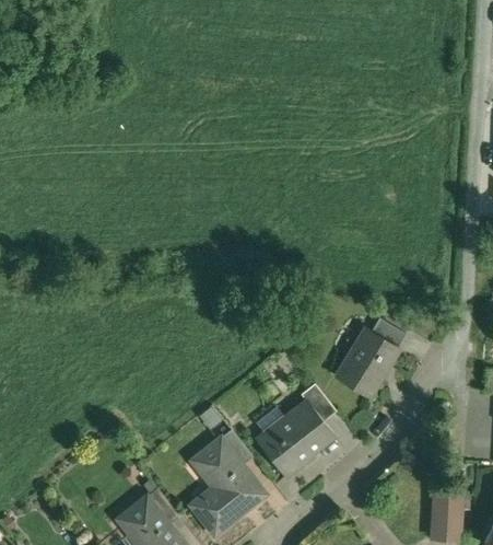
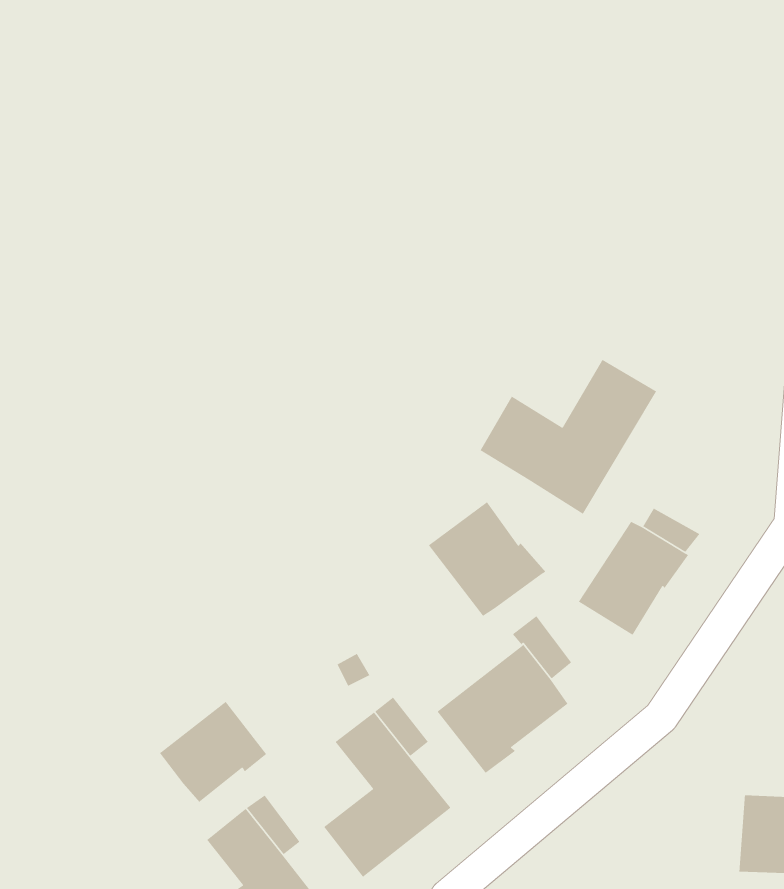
building: none -> [479,359,657,515]
building: none -> [428,501,546,617]
building: none -> [159,701,267,803]

